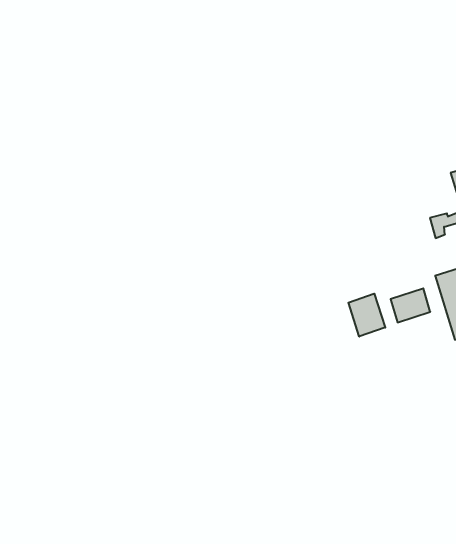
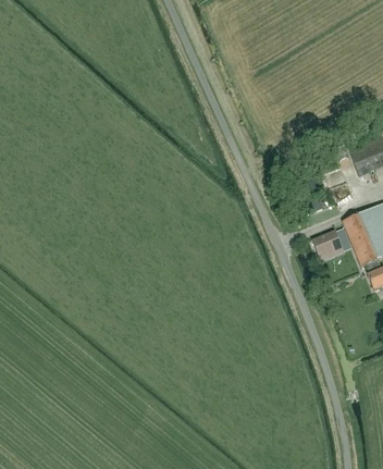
building: [348,294,385,337] -> none

